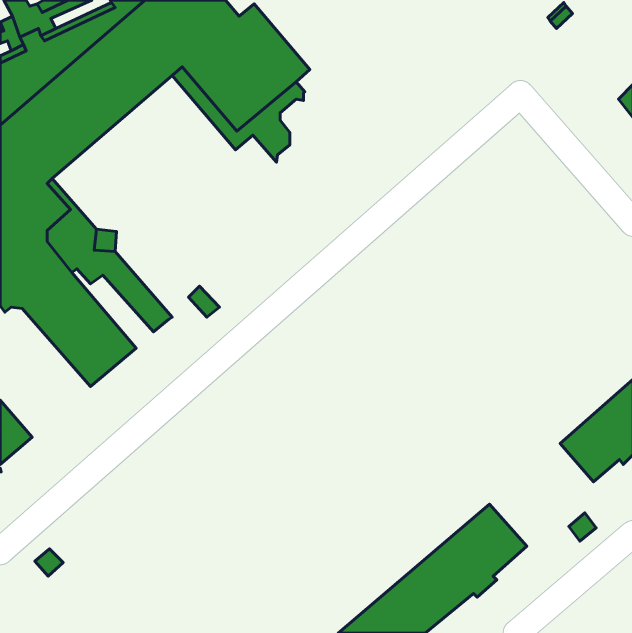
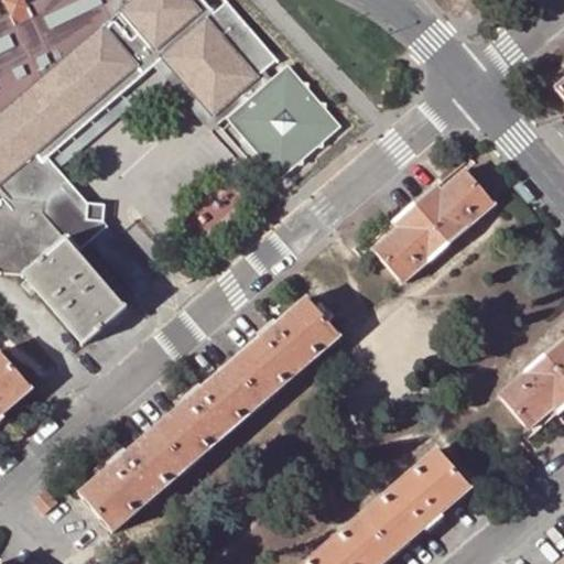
building: none -> [247,70,338,178]
building: none -> [371,169,494,281]
building: none -> [76,295,338,533]

